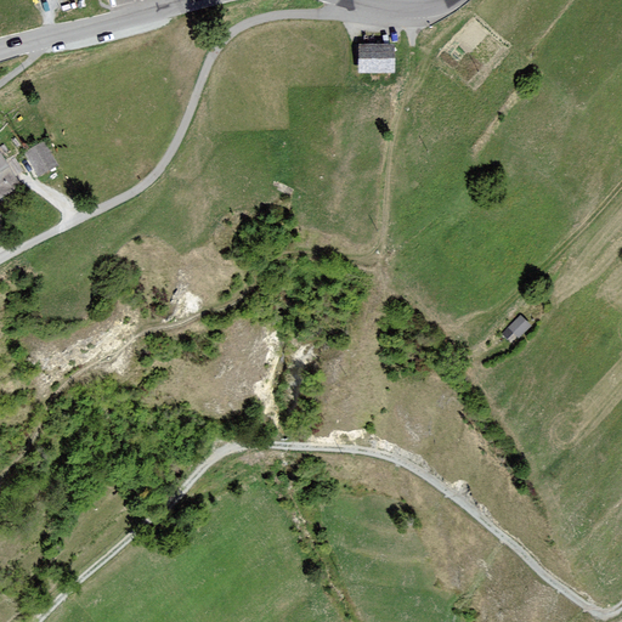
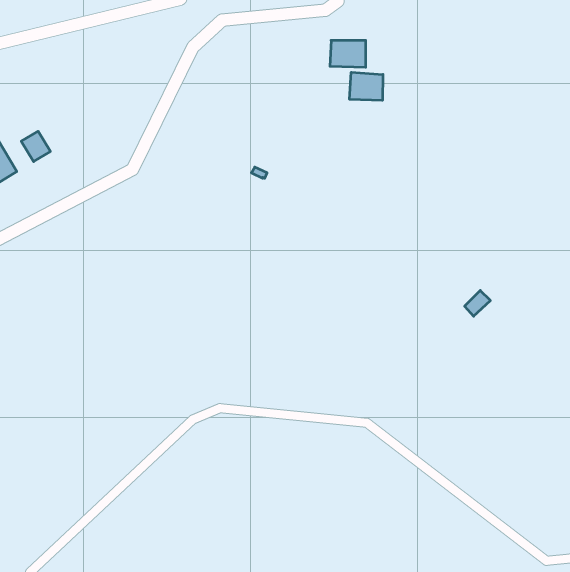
building: none -> [350,72,383,100]

